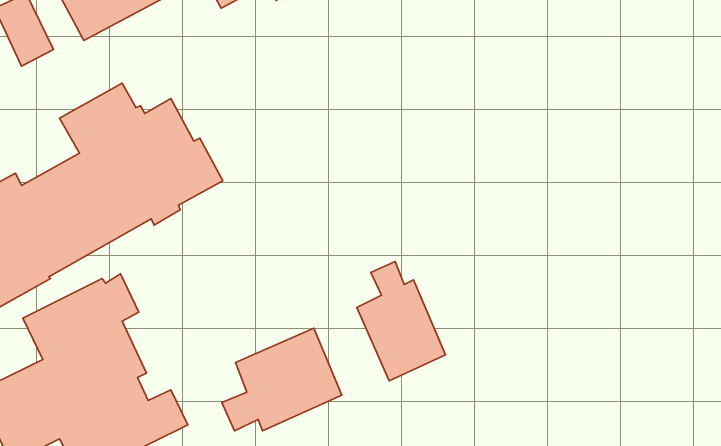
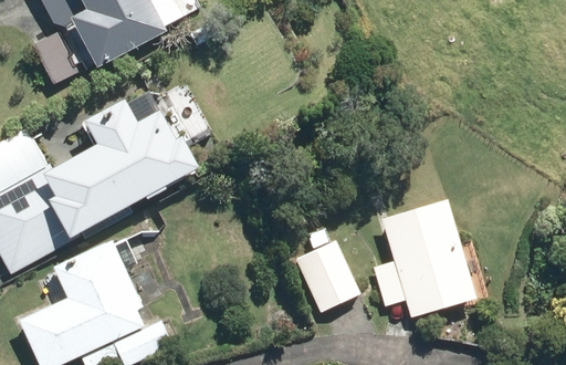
building: none -> [370,199,475,316]
building: [222,328,342,431] -> none

